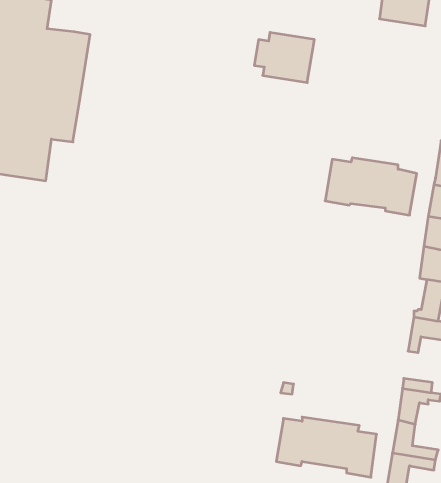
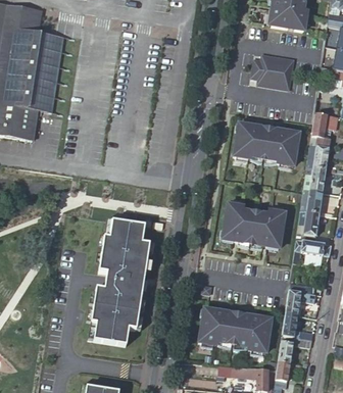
building: [254,32,314,83] -> [251,52,294,88]
building: none -> [222,202,285,245]
building: none -> [88,216,150,343]

